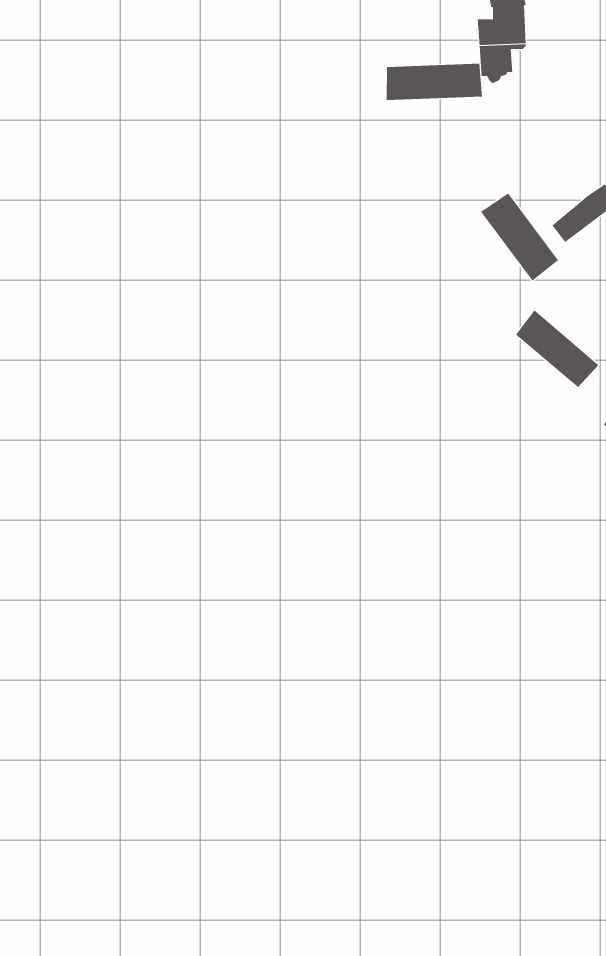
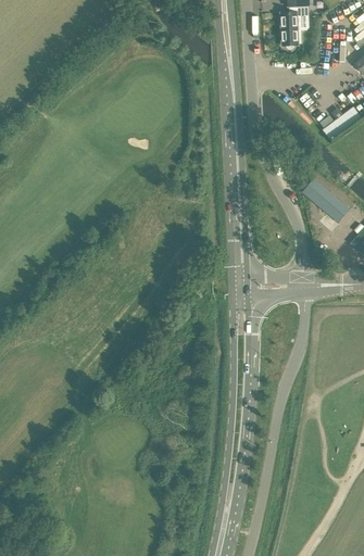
building: [386,63,482,101] -> none
building: [480,193,559,281] -> none

